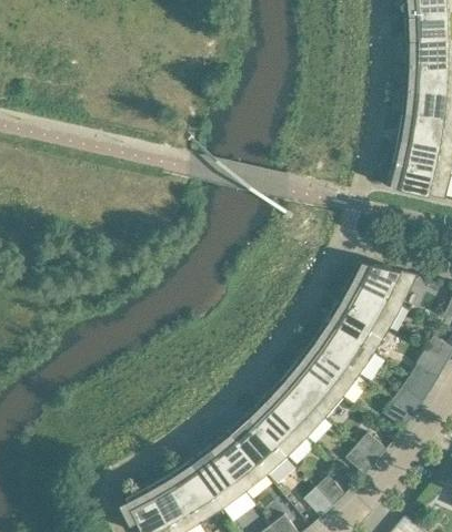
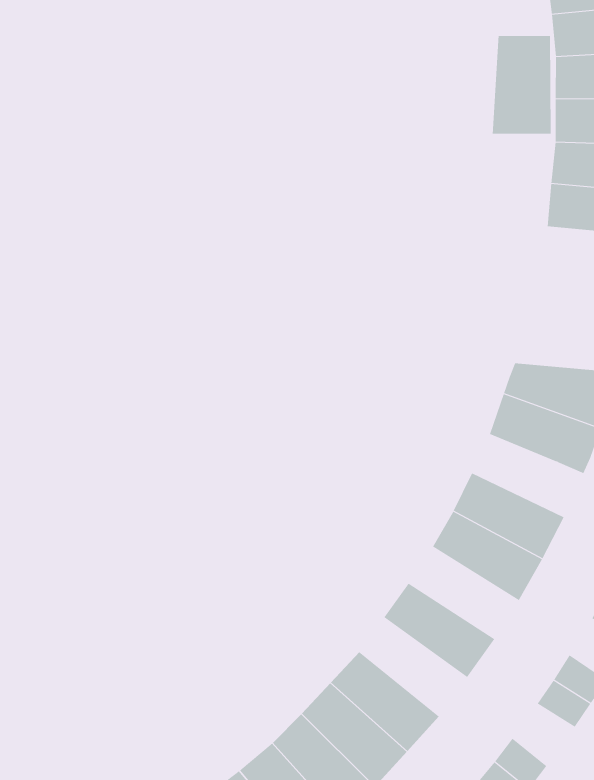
building: none -> [492,35,551,134]
building: [325,300,390,354] -> none
building: [281,360,343,418] -> none
building: [248,397,308,458] -> none

